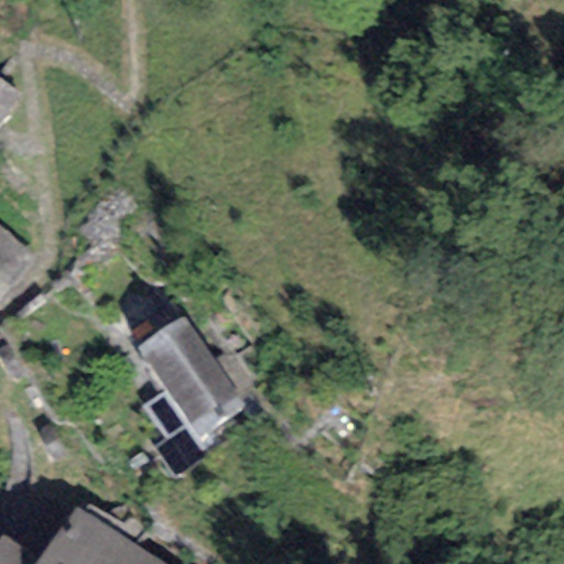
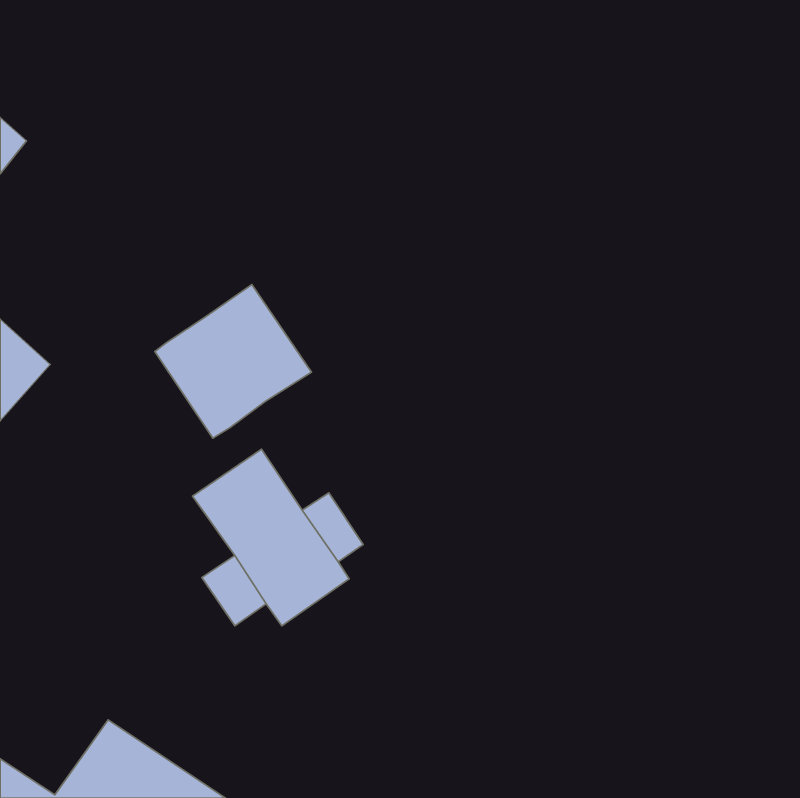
building: none -> [155,284,311,438]

